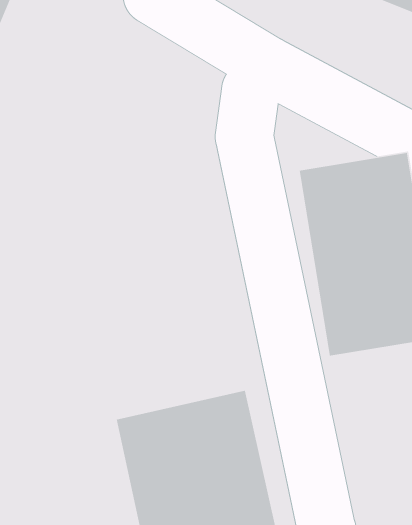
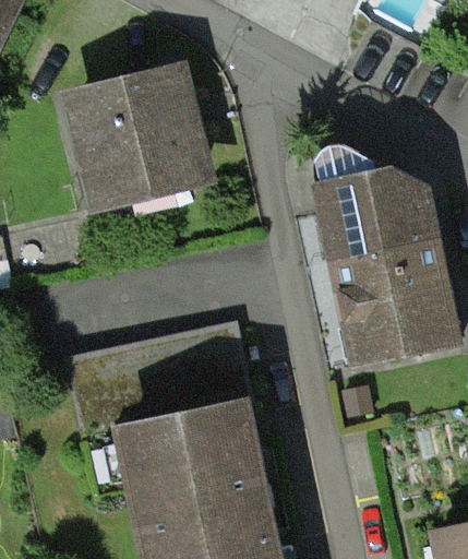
building: none -> [51,60,212,215]

